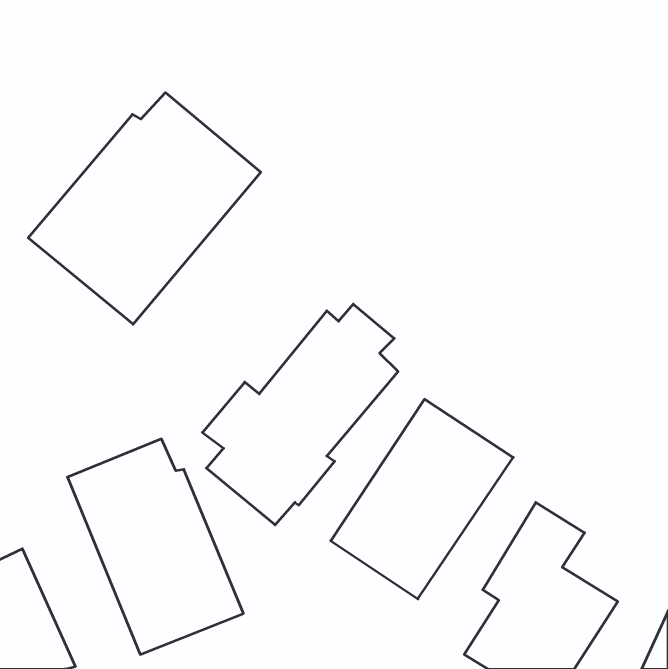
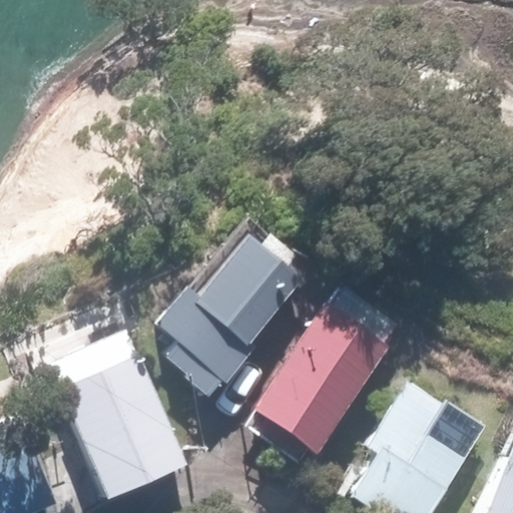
building: [28,93,261,324] -> none

